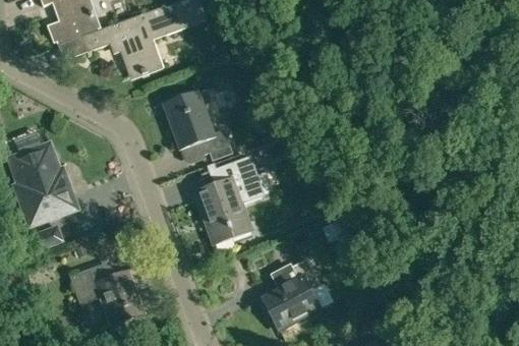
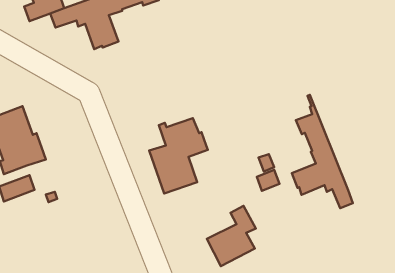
building: [162,91,230,154] -> none
building: none -> [292,95,353,208]
building: [70,265,146,326] -> none

